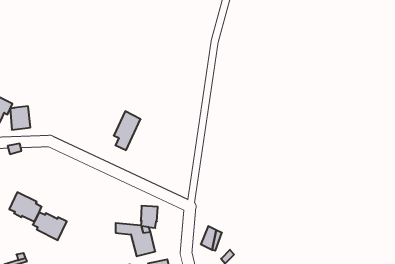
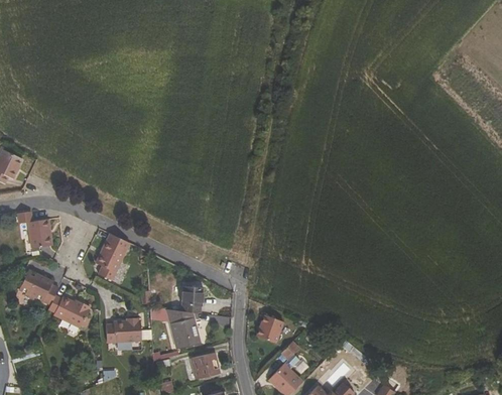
building: [10,106,30,130] -> [27,219,52,248]
building: [114,111,141,150] -> [97,233,130,281]
building: none -> [107,317,142,343]

